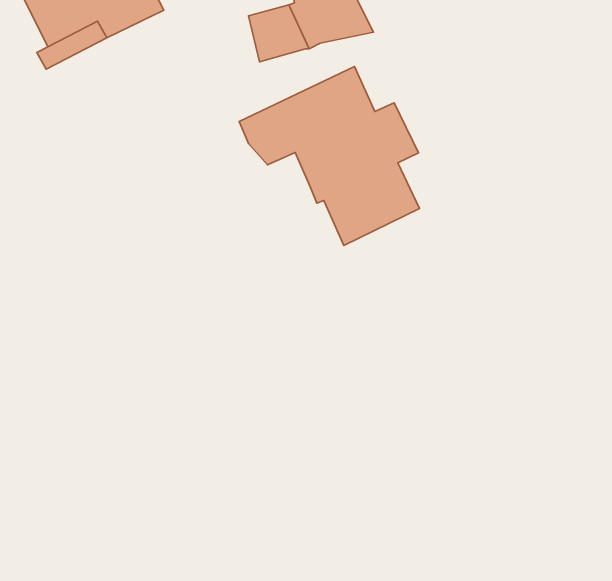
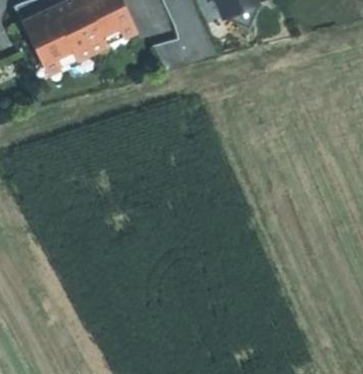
building: [239,66,419,245] -> none

